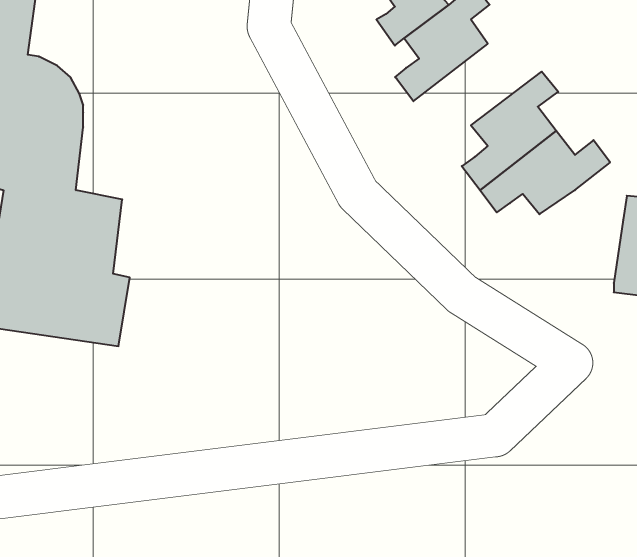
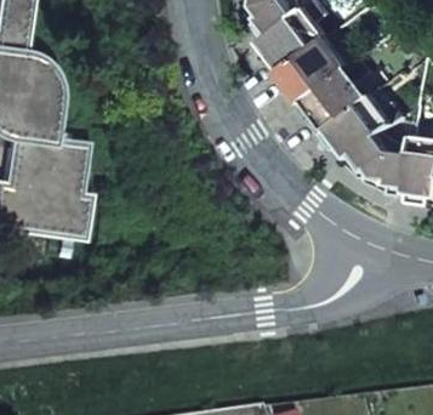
building: none -> [283,42,366,96]
building: none -> [365,138,420,199]

